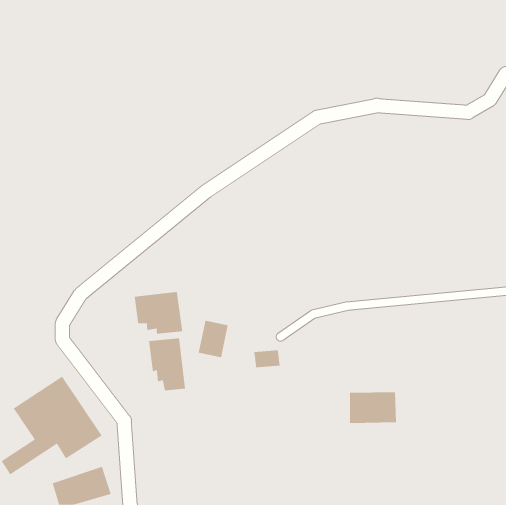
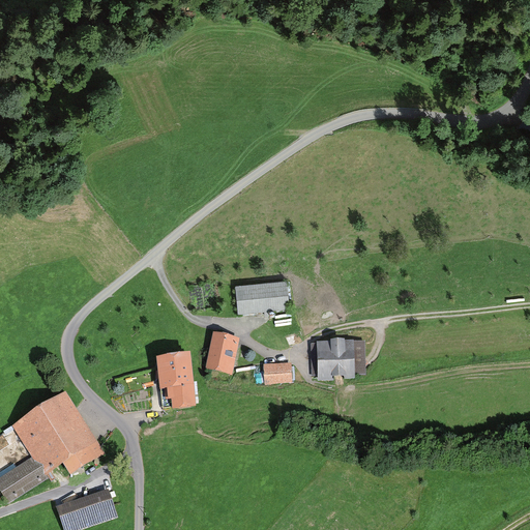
building: none -> [237,282,288,313]
building: [134,291,183,335] -> none
building: [349,392,397,423] -> [314,343,363,376]

